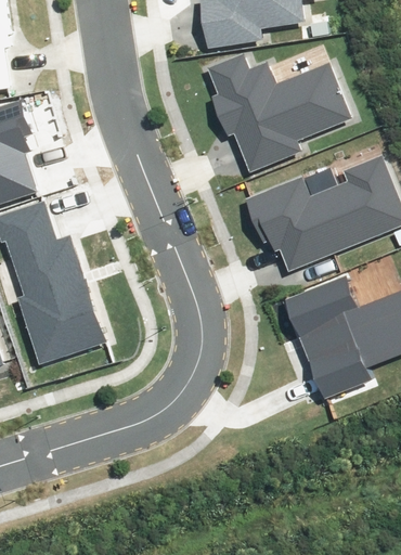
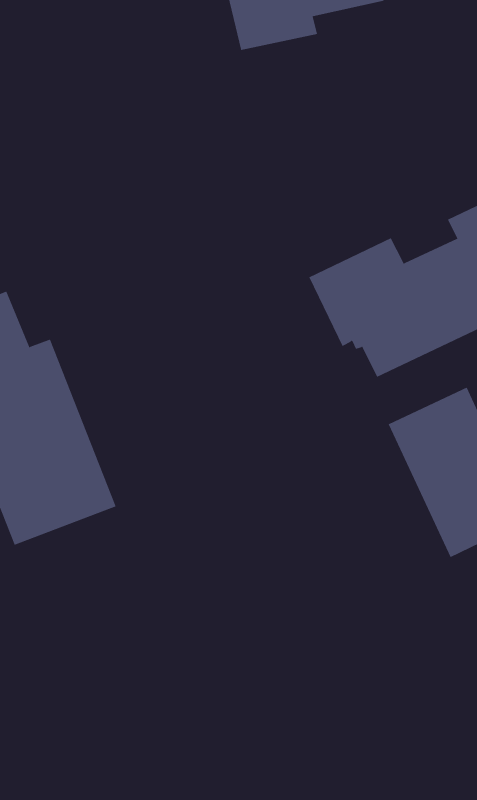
building: [209,57,354,172] -> none

